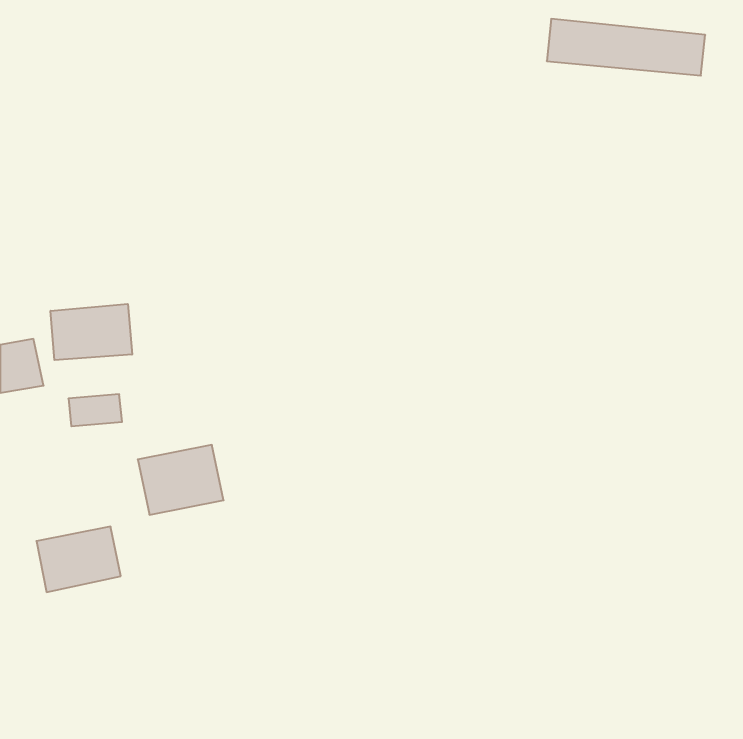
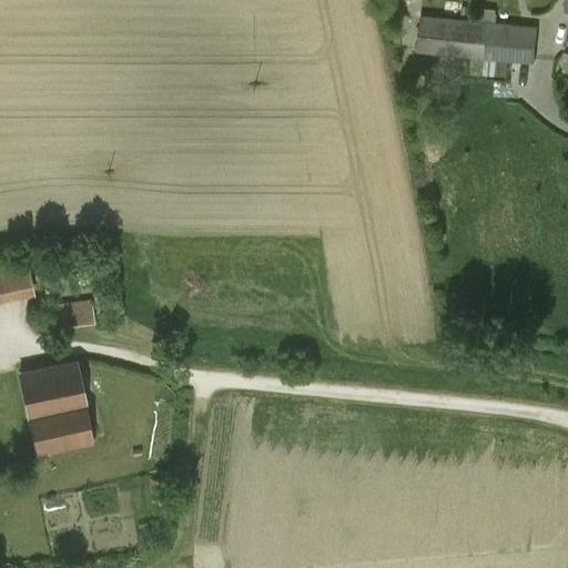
building: [51,304,132,360] -> none
building: [138,445,224,515] -> [19,363,84,416]

